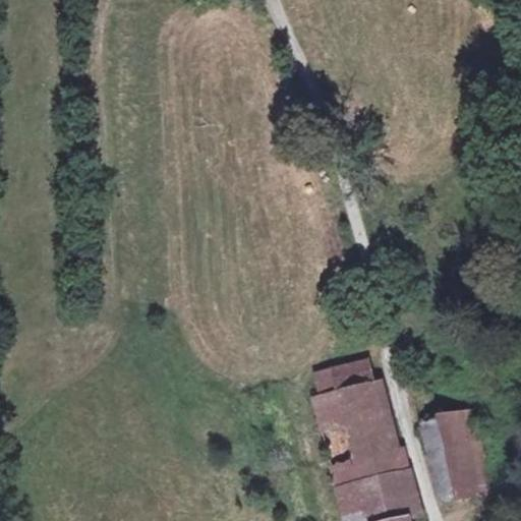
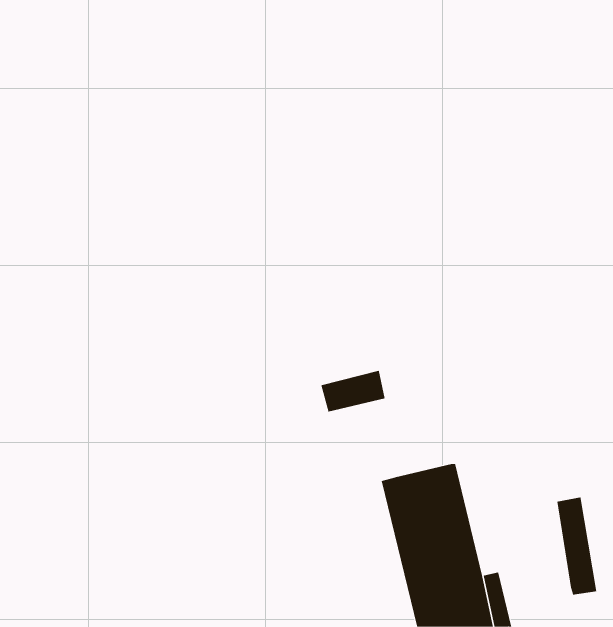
building: [321,360,374,395] -> [320,370,386,412]
building: [426,411,472,491] -> none

